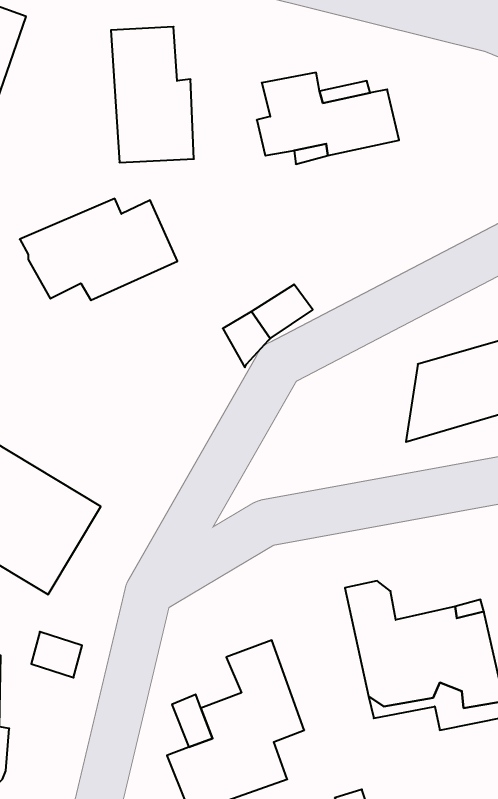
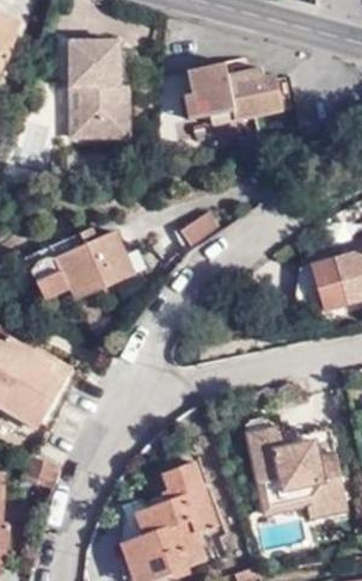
building: [20,199,177,300] -> [24,230,135,301]

